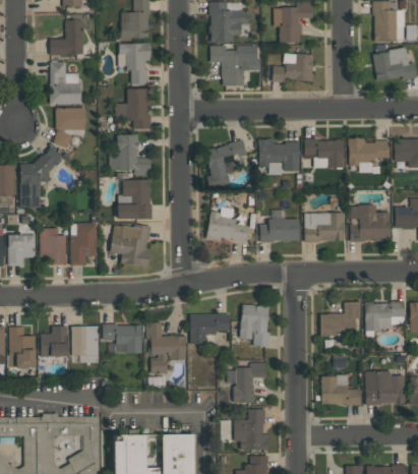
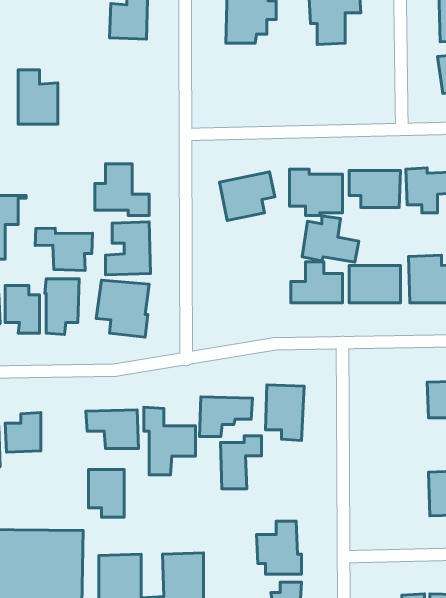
building: [50,14,89,55] -> none
building: [118,43,151,84] -> none
building: [210,45,258,85] -> none
building: [272,53,313,81] -> none
building: [115,88,151,129] -> none
building: [55,107,85,145] -> none
building: none -> [35,228,93,270]
building: [205,206,249,242] -> [302,216,359,262]
building: [320,301,361,335] -> none
building: [71,325,99,362] -> [88,469,124,517]
building: [234,362,265,403] -> [220,436,261,489]
building: [321,374,361,405] -> none

